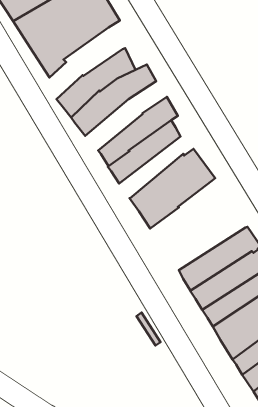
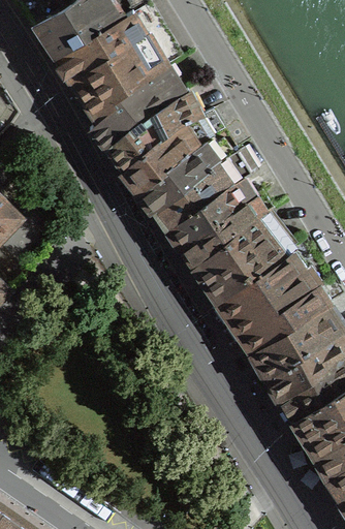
building: none -> [89,68,183,154]
building: none -> [138,132,236,216]
building: none -> [178,193,272,272]
building: none -> [216,251,330,357]

